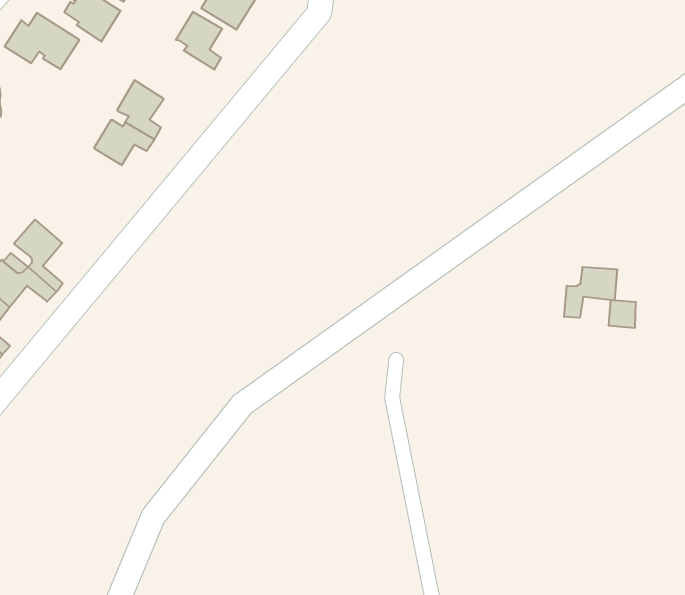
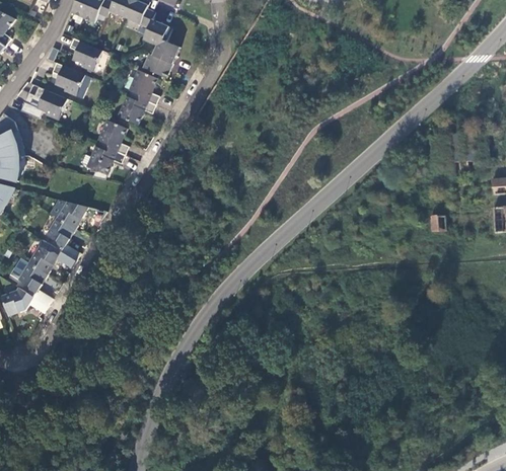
building: none -> [117,96,155,125]
building: none -> [49,199,105,229]
building: [564,267,617,318] -> none

